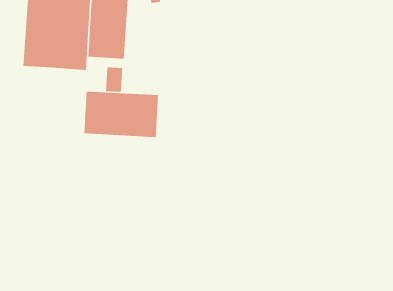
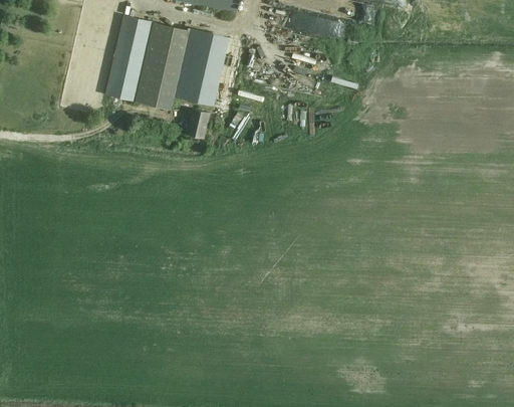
building: [84,91,159,138] -> none

